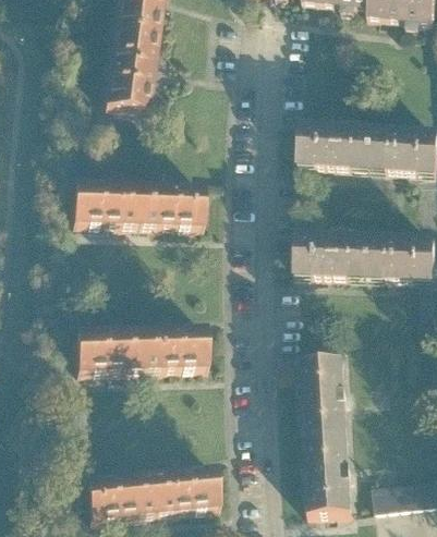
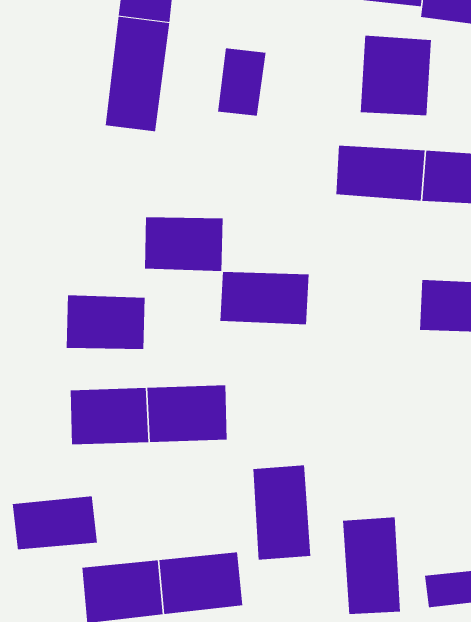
building: none -> [360,35,432,116]
building: none -> [217,47,266,116]
building: [72,183,138,229] -> [66,295,145,350]
building: [294,235,369,280] -> [220,272,310,325]
building: [299,359,348,439] -> [253,465,311,560]
building: none -> [12,495,97,550]

